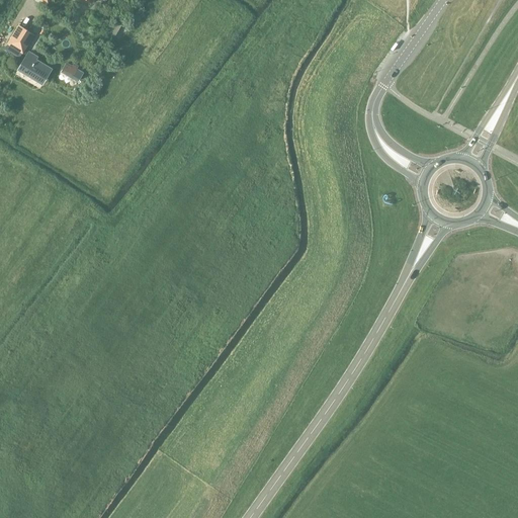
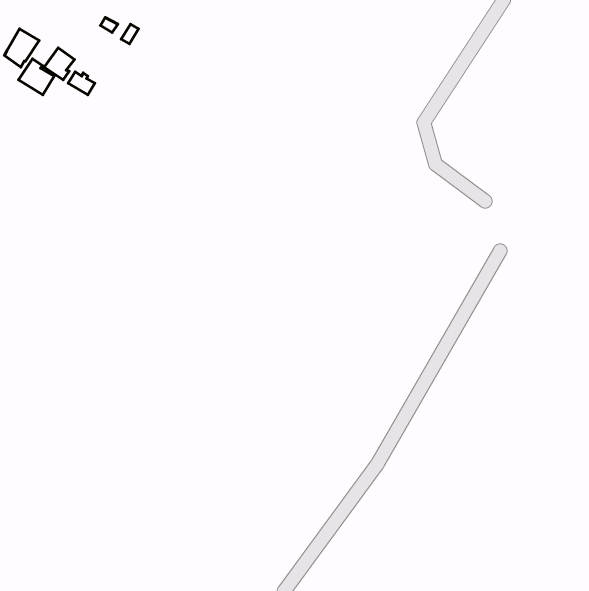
building: none -> [44,48,74,80]

